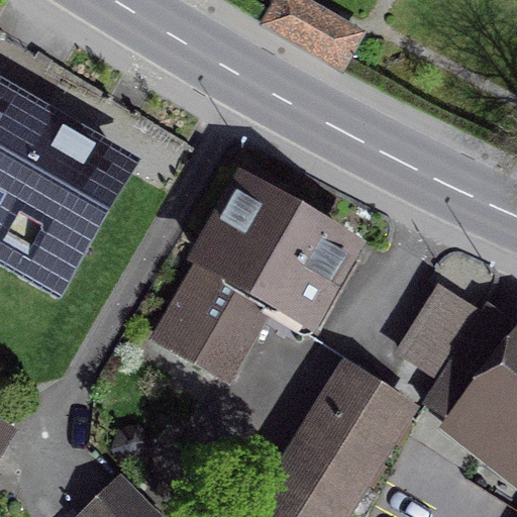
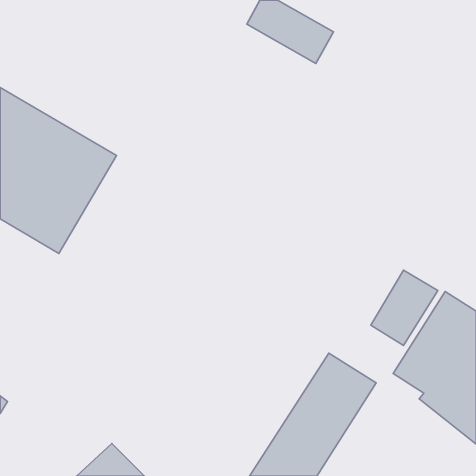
building: [167,175,351,374] -> none

